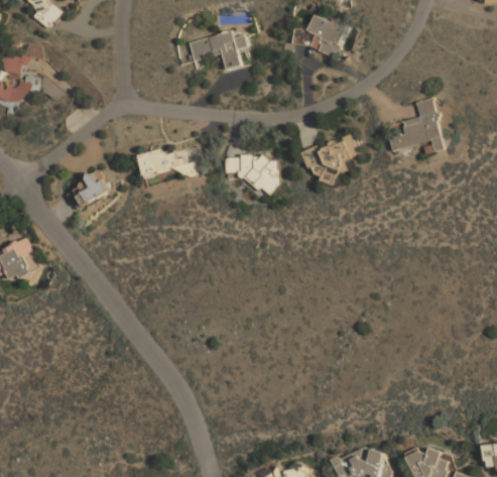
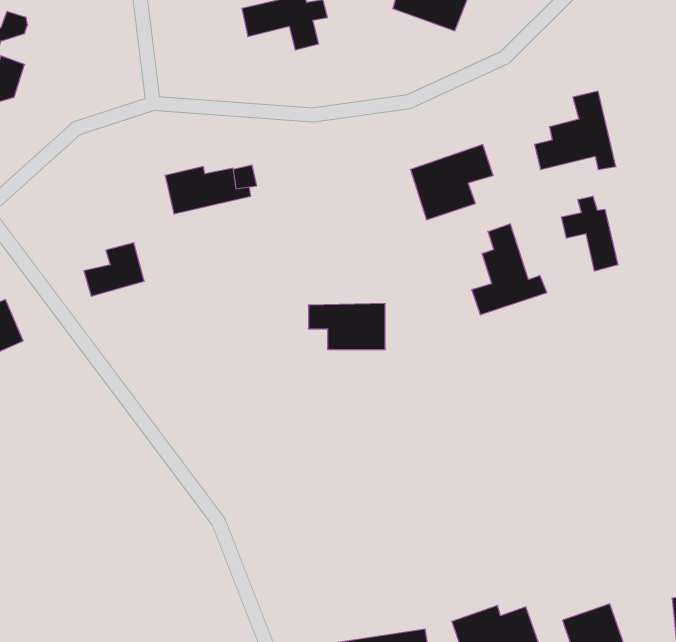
building: [225,156,277,188] -> [308,304,385,349]
building: none -> [562,196,618,271]
building: [67,170,108,207] -> [84,243,144,296]
building: none -> [472,224,547,315]

